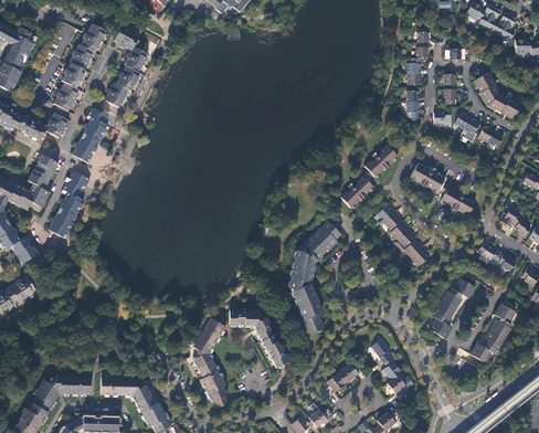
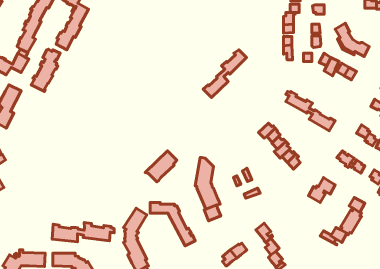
building: [339,145,397,208] -> [203,50,246,97]
building: [49,170,89,237] -> none
building: [298,221,340,262] -> [145,151,177,182]
building: [430,300,455,337] -> none
building: none -> [52,223,114,242]

